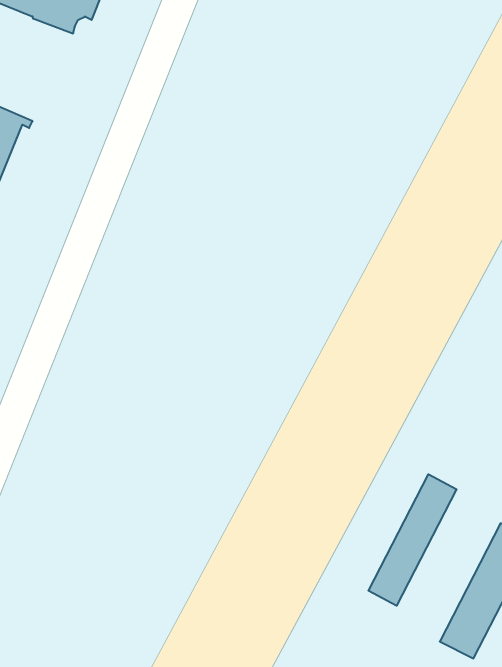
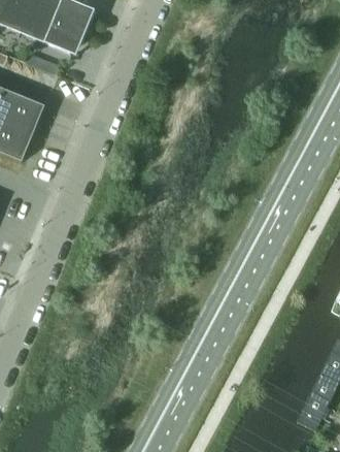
building: [368,474,457,606] -> none

